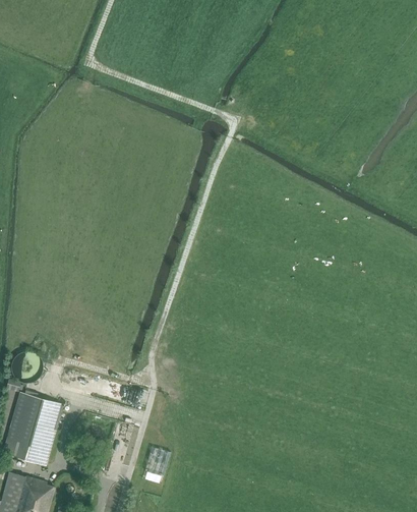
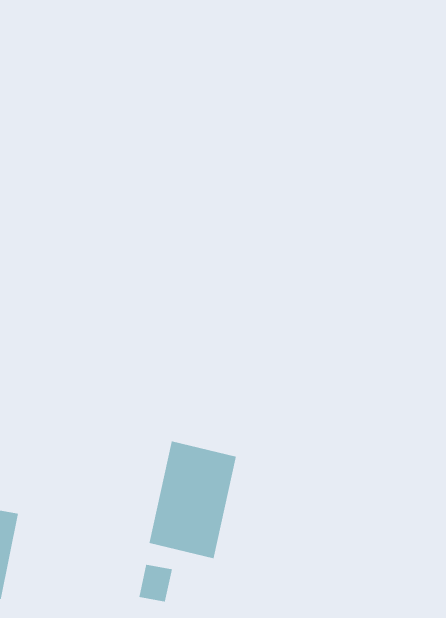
building: none -> [149,441,236,559]

